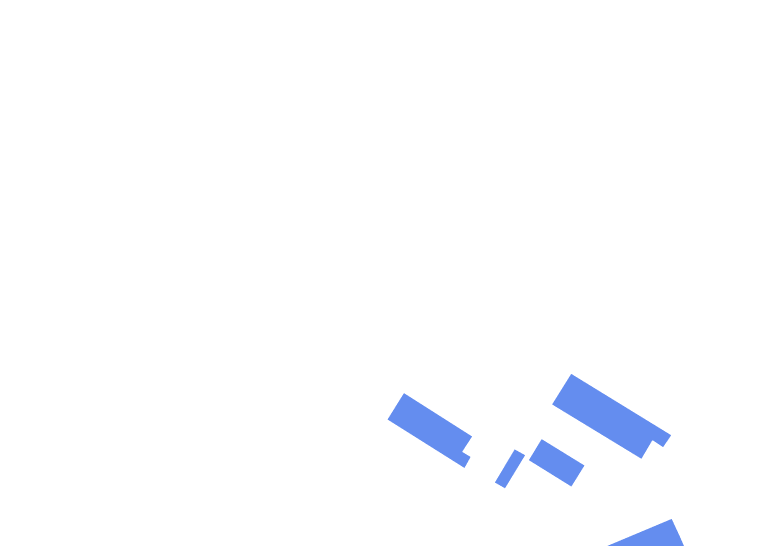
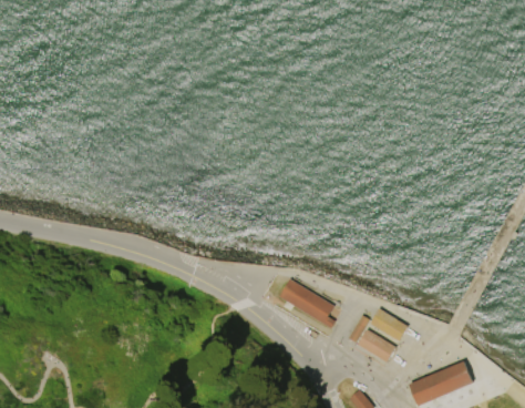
building: [551,373,672,460] -> none
building: none -> [357,329,394,361]

